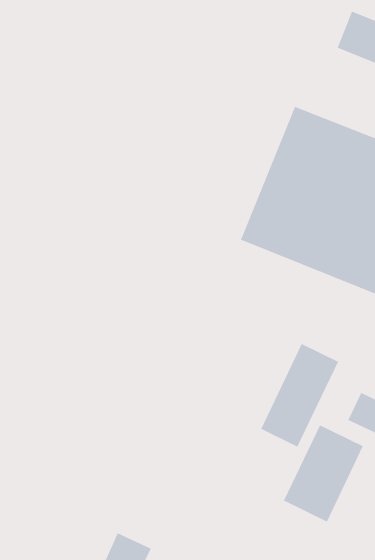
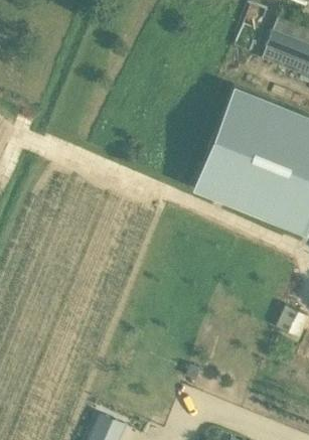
building: [260,343,339,448] -> none
building: [283,424,364,522] -> none

